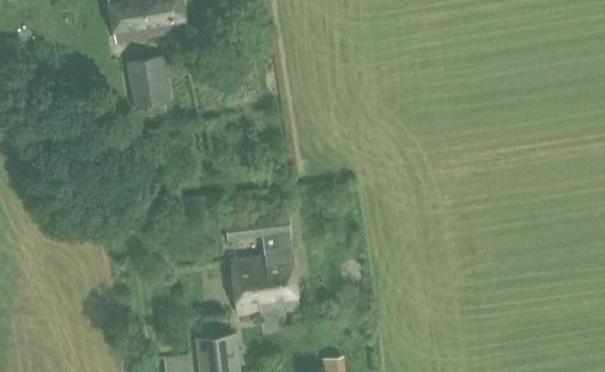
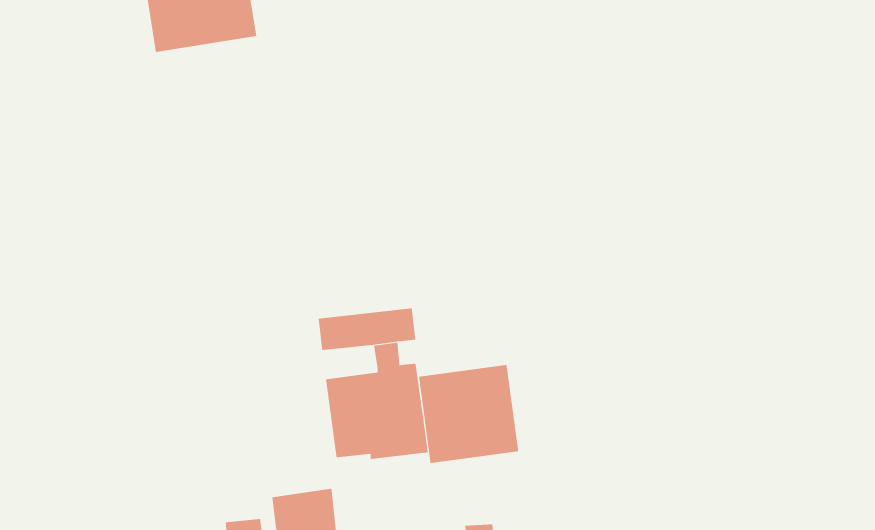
building: [126,55,170,108] -> none
building: none -> [418,364,519,464]

